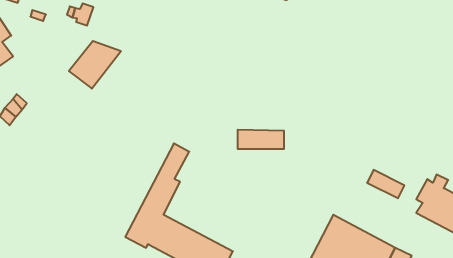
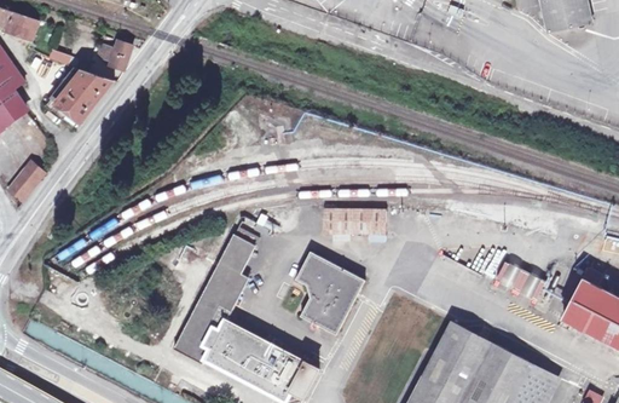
building: [69,41,121,89] -> [45,67,114,129]
building: none -> [295,252,365,335]

